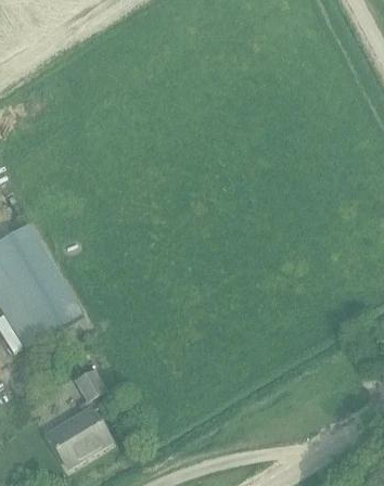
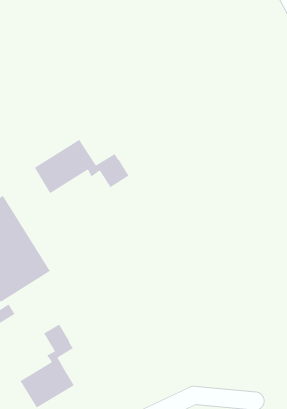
building: none -> [34,139,130,194]

